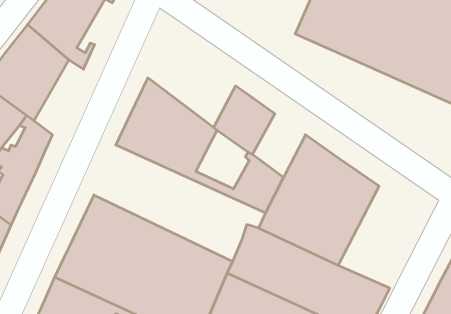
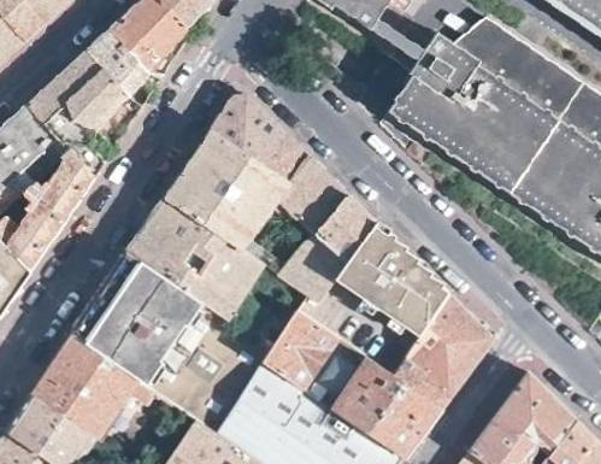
building: none -> [212,95,308,198]
building: none -> [314,194,377,266]
building: none -> [130,199,318,351]
building: none -> [389,294,495,410]

